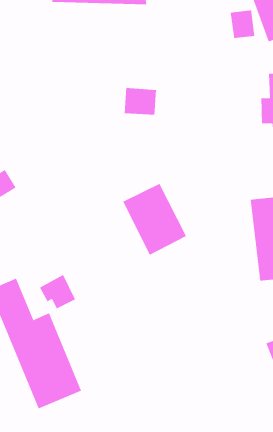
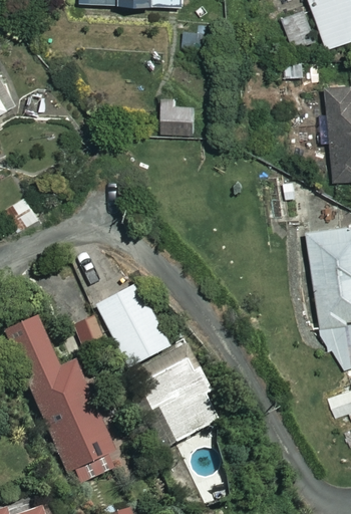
building: [122,183,187,255] -> [93,285,167,368]
building: none -> [144,361,226,448]

